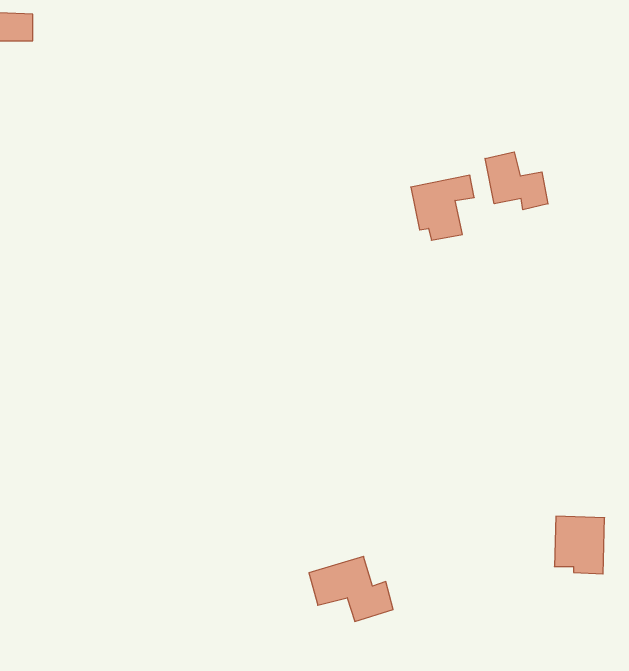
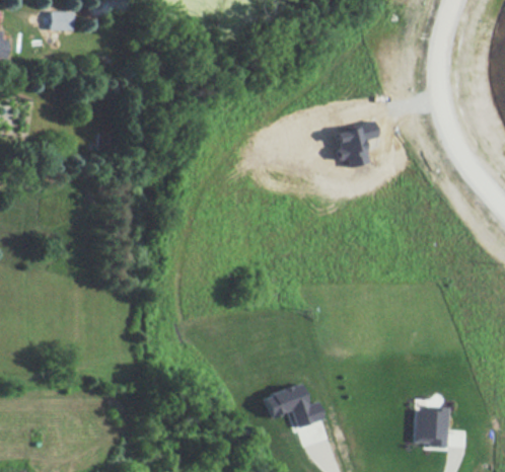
building: [485,152,548,210] -> none
building: [554,516,605,574] -> [413,408,447,448]

